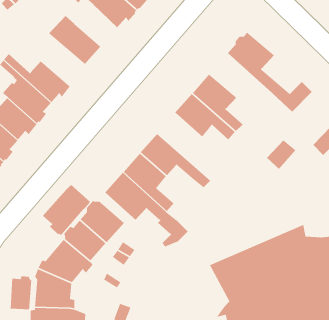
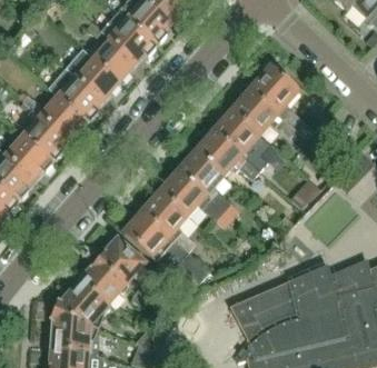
building: none -> [92,38,136,81]
building: none -> [48,68,102,122]
building: none -> [230,88,295,138]
building: none -> [177,149,240,219]
building: [42,184,91,236] -> none
building: [10,276,32,310] -> none

